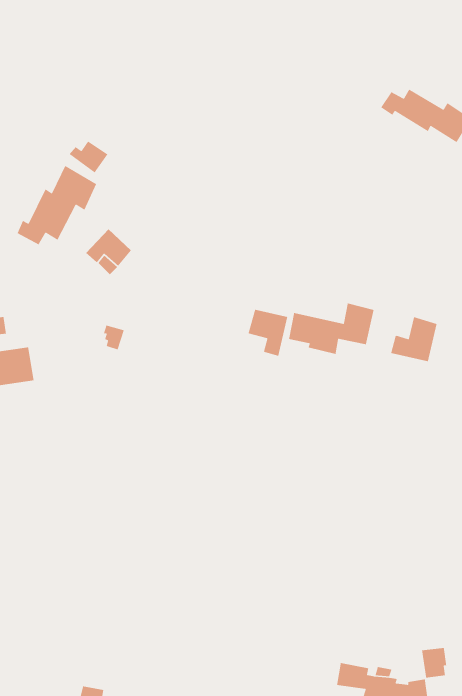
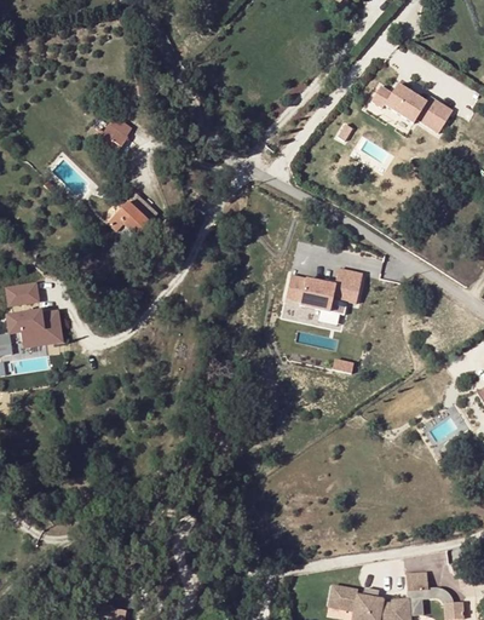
building: [16,165,97,246] -> none
building: [247,309,288,357] -> none
building: [390,316,438,362] -> none

